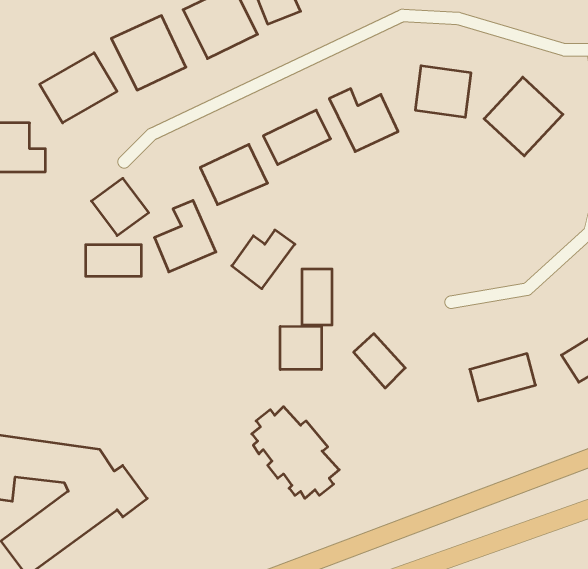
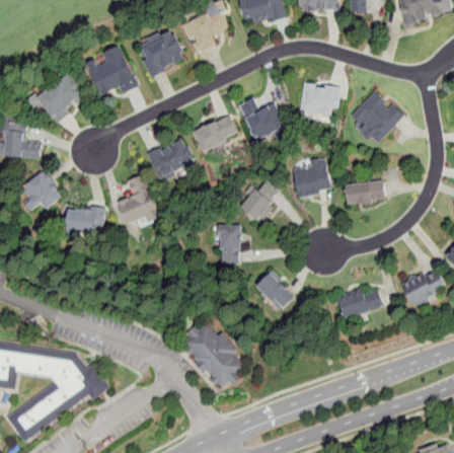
building: none -> [292,160,330,197]
building: [91,178,149,236] -> [21,171,62,212]
building: none -> [344,179,385,206]
building: [232,230,295,289] -> [235,180,280,222]
building: [280,326,321,370] -> none

